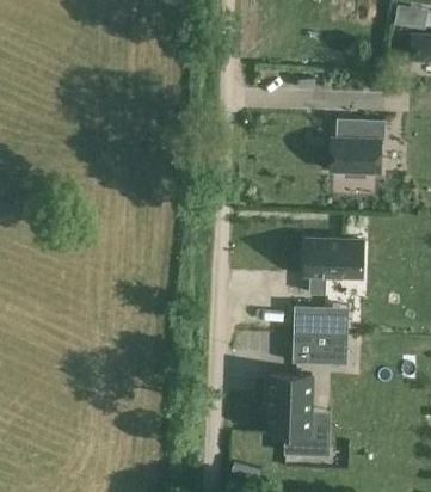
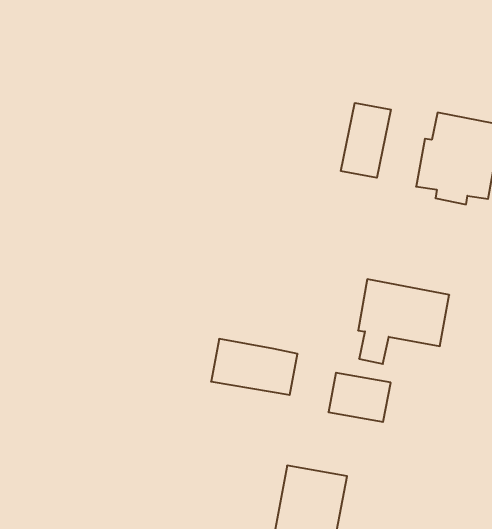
building: none -> [341,103,391,178]
building: [293,333,349,364] -> [211,339,298,395]

